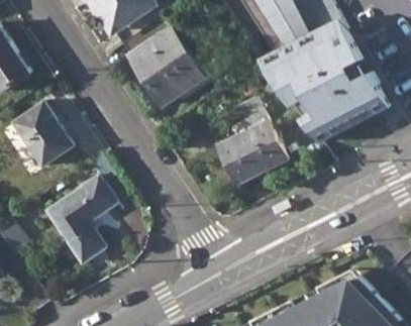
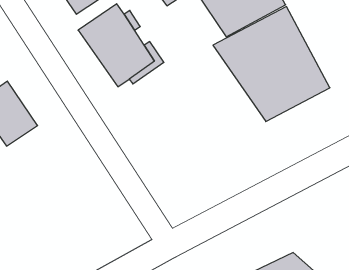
building: [216,98,287,186] -> none
building: [47,177,115,262] -> none

